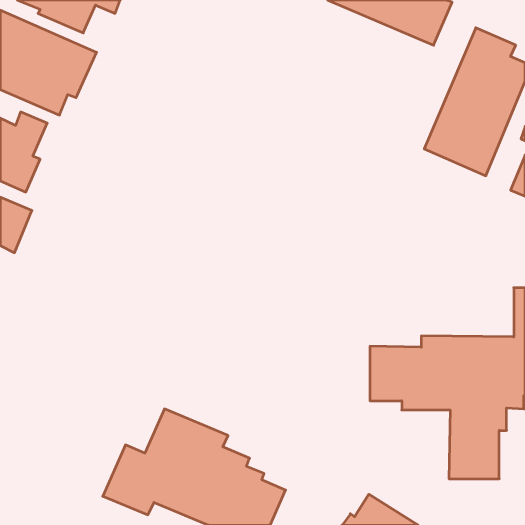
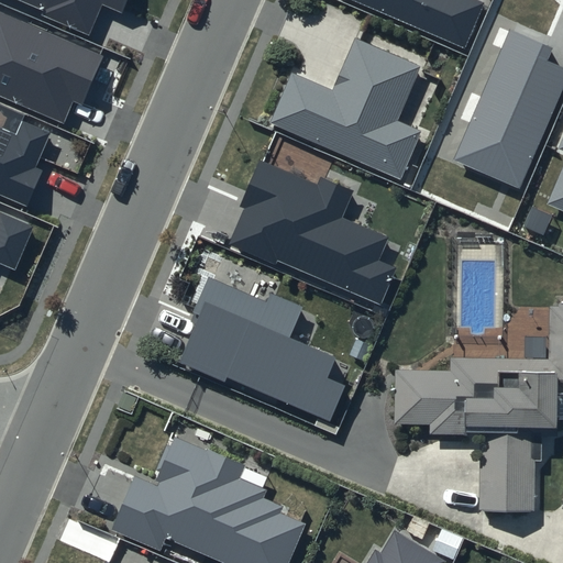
building: none -> [269,37,421,179]
building: none -> [228,158,397,305]
building: none -> [179,276,346,422]

